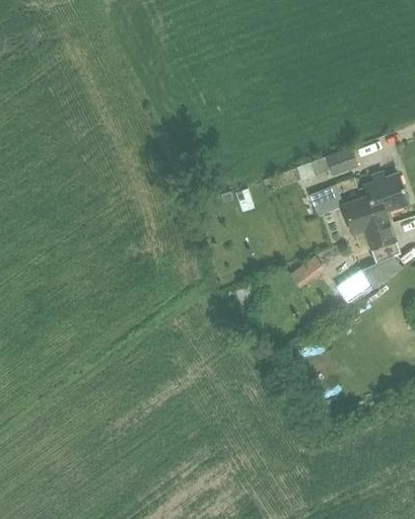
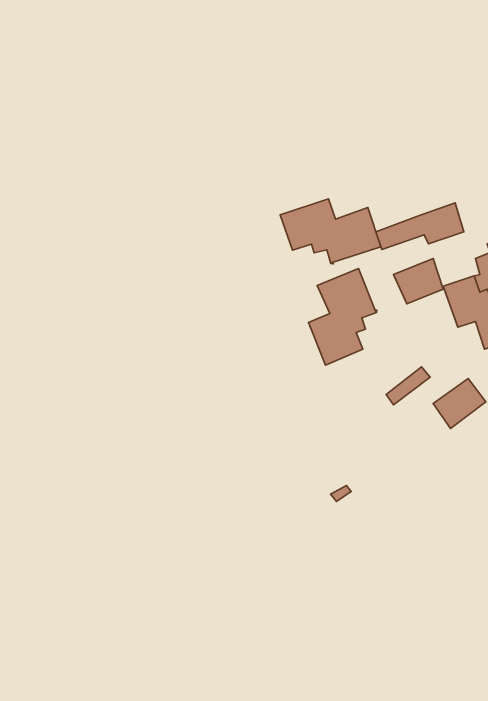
building: none -> [280,199,381,264]
building: none -> [309,269,377,365]

